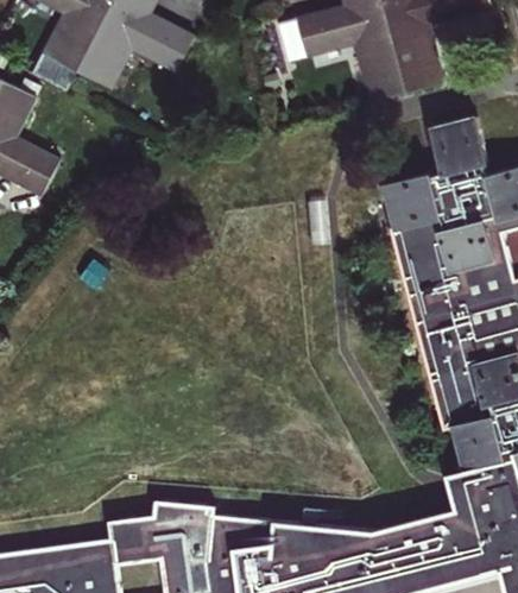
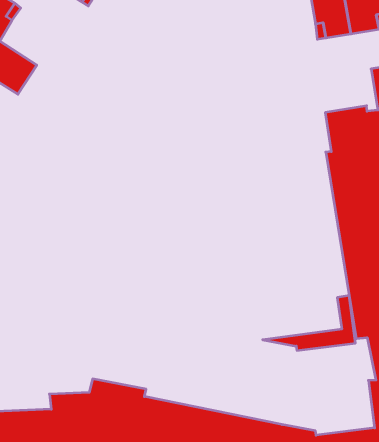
building: [371,474,474,541] -> [263,296,355,350]

